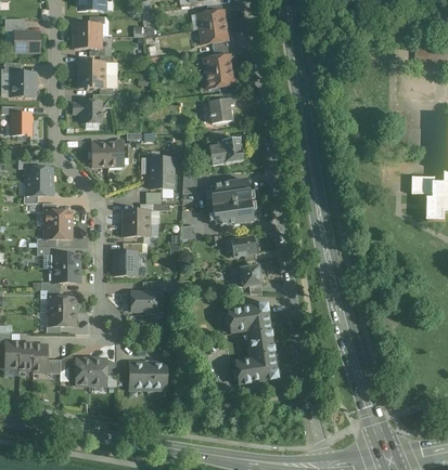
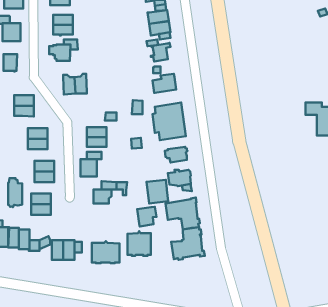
building: [150,157,172,187] -> none
building: none -> [8,178,22,207]
building: none -> [147,180,168,203]
building: none -> [137,207,156,226]
building: none -> [128,231,151,256]

